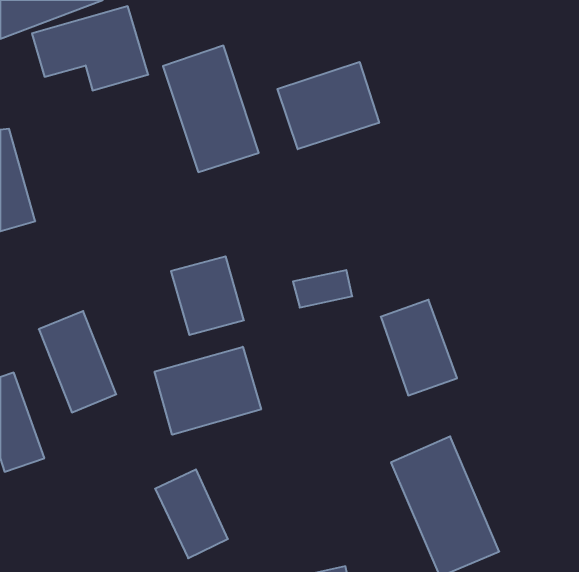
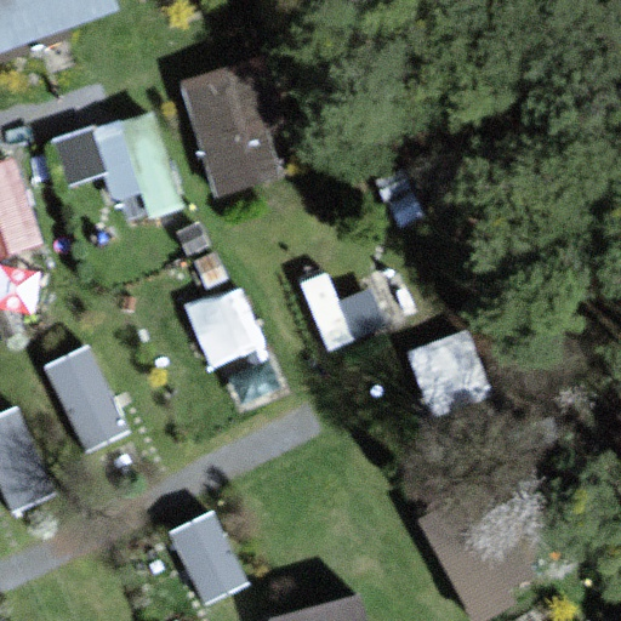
building: [32,6,148,90] -> [47,109,171,199]
building: [277,62,379,149] -> none
building: [155,347,261,435] -> none

